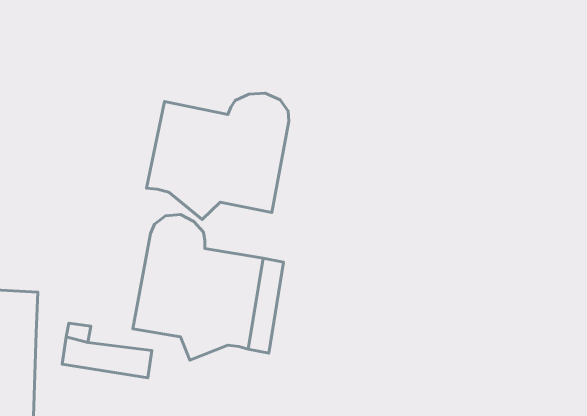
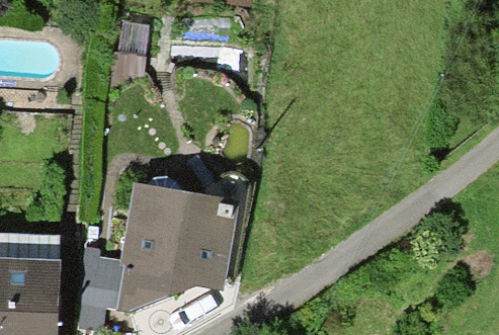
building: [146,93,289,219] -> none

